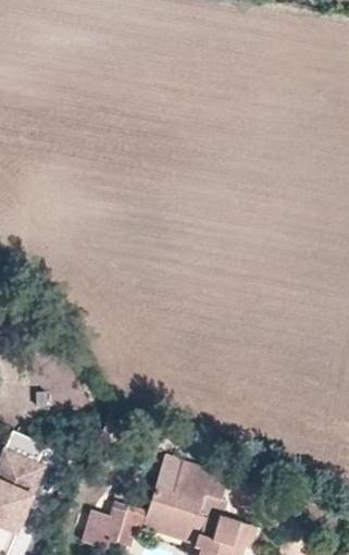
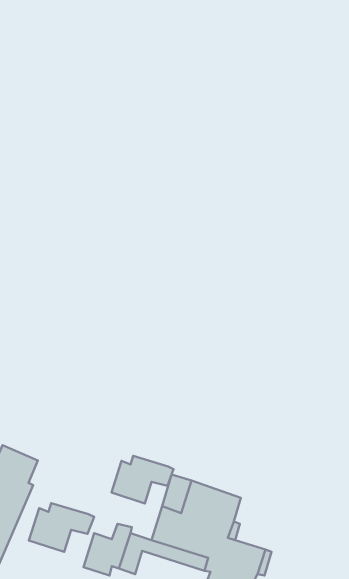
building: none -> [111,456,174,504]
building: none -> [29,503,94,552]

